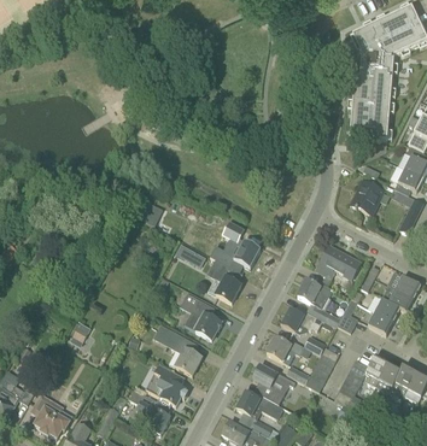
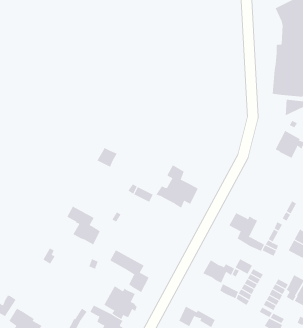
building: [316,246,361,287] -> none
building: [207,260,241,304] -> none
building: [180,293,221,340] -> [66,206,101,245]
building: [281,307,322,333] -> none
building: [252,365,294,404] -> none

